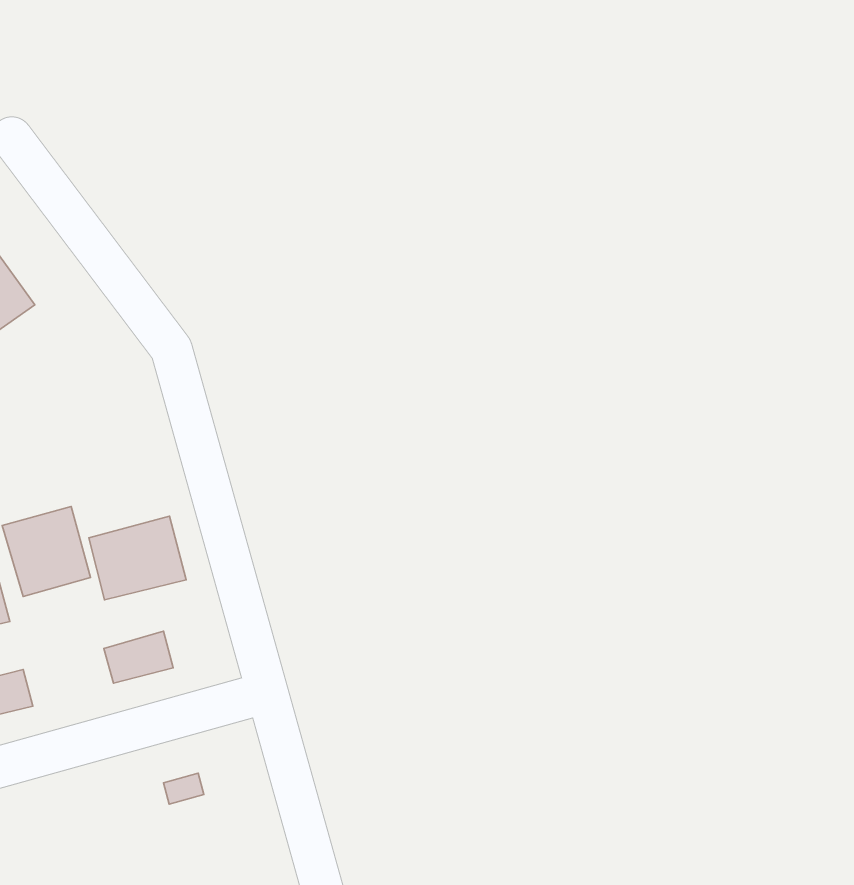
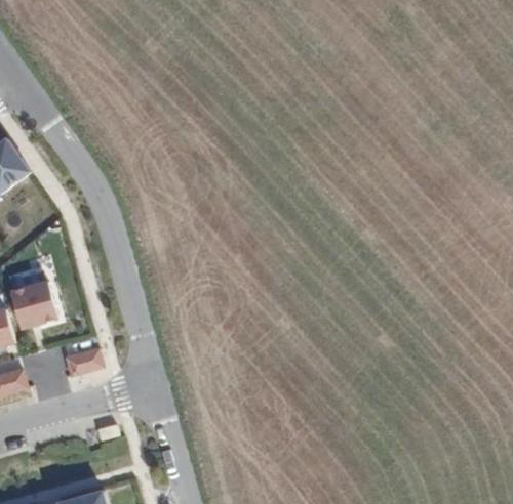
building: [89,516,186,600] -> none

